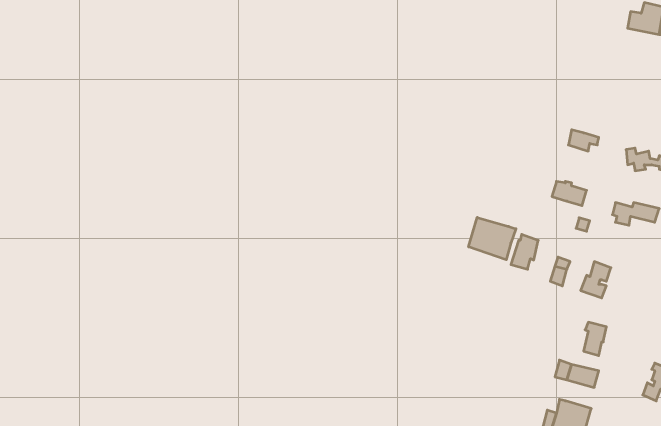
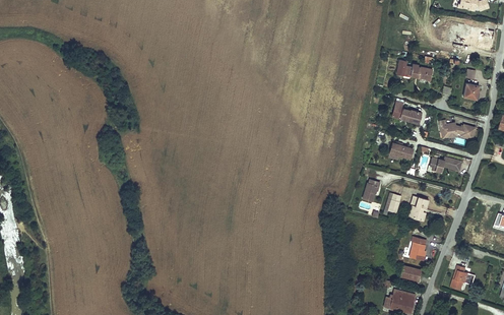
building: none -> [397,61,433,83]
building: [469,217,516,260] -> none

